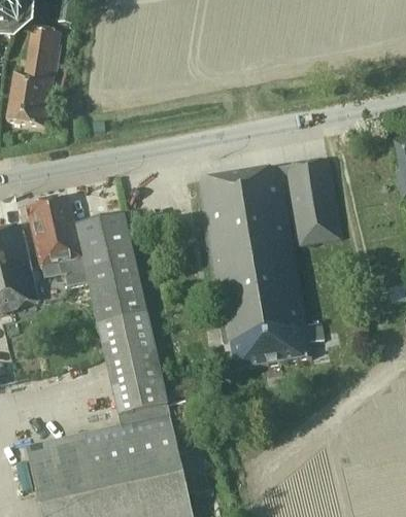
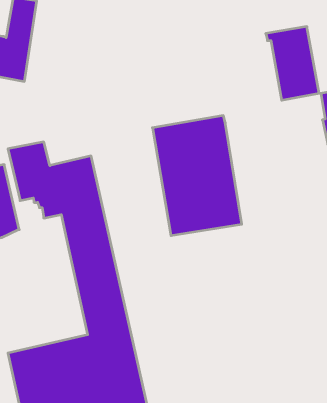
building: [280,159,343,245] -> [266,27,319,100]
building: [218,295,325,370] -> none

